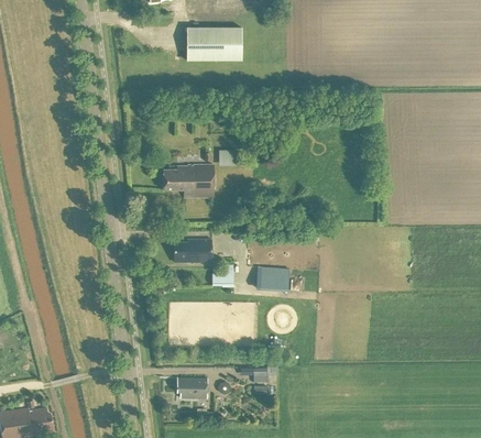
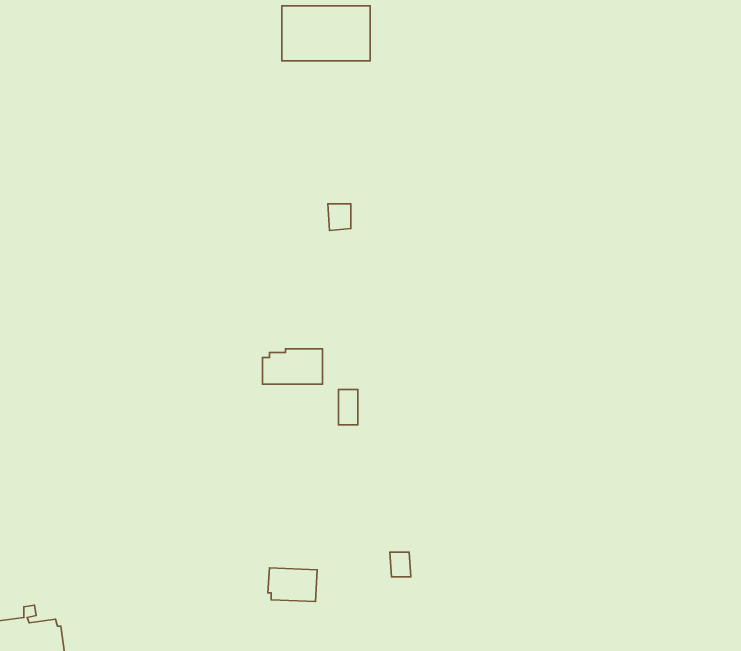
building: [163,165,214,198] -> none
building: [259,266,289,292] -> none

